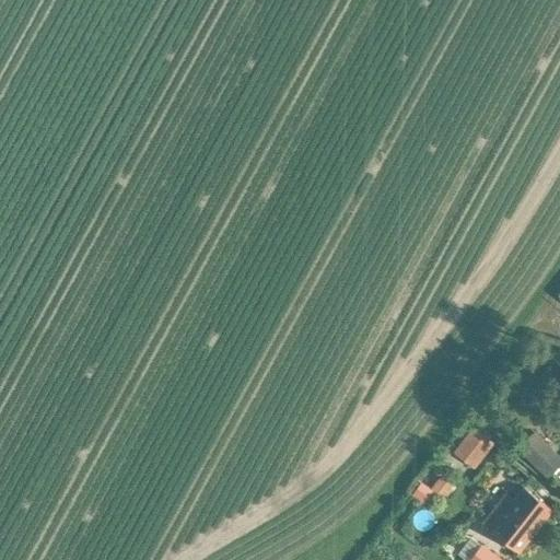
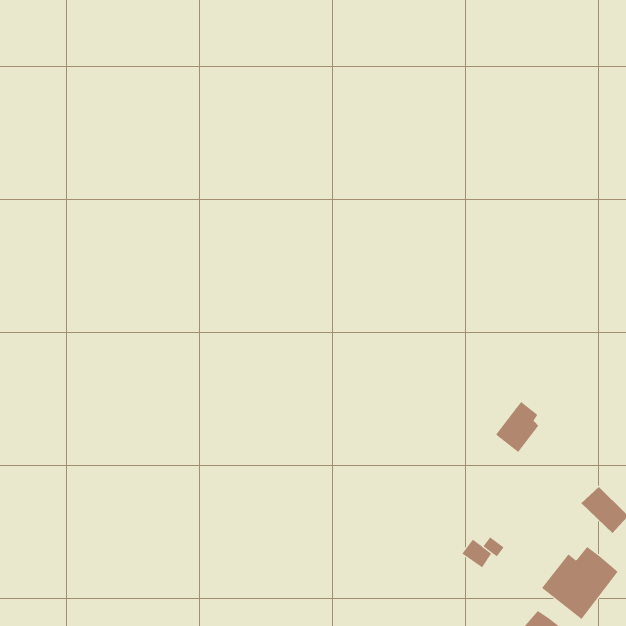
building: [454,420,493,466] -> [495,401,539,453]

